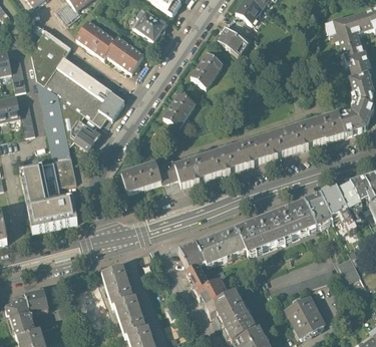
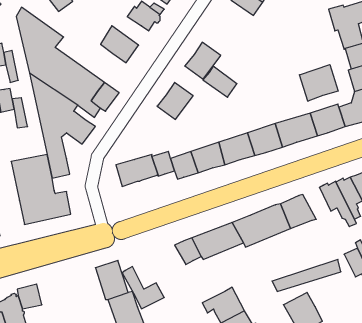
building: [76,20,115,56] -> none
building: [217,26,250,56] -> [203,66,237,97]
building: none -> [299,65,338,101]
building: [304,193,332,225] -> none
building: [186,264,228,305] -> [122,267,164,309]

